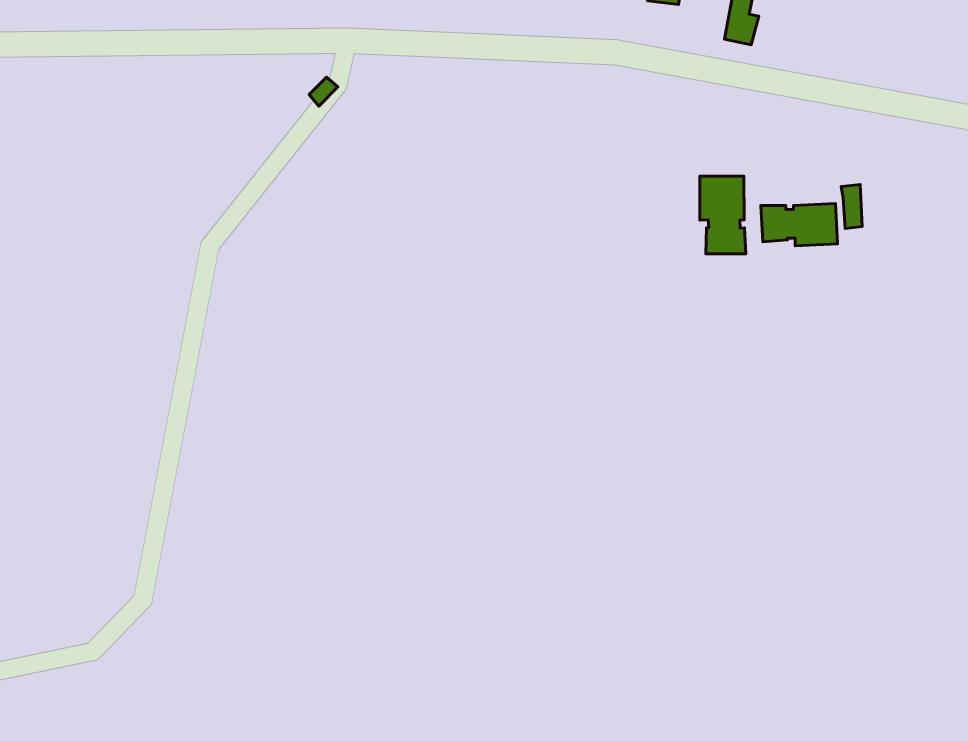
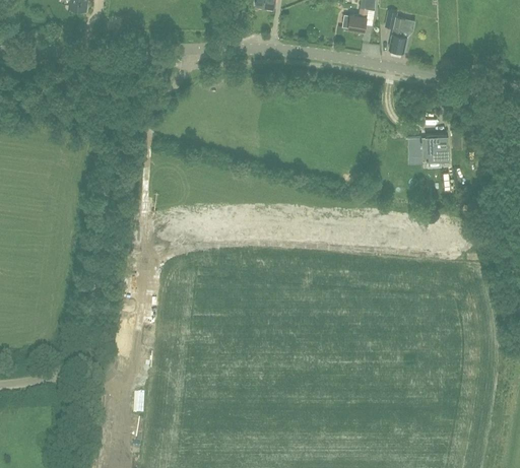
building: [700,176,746,254] -> none

